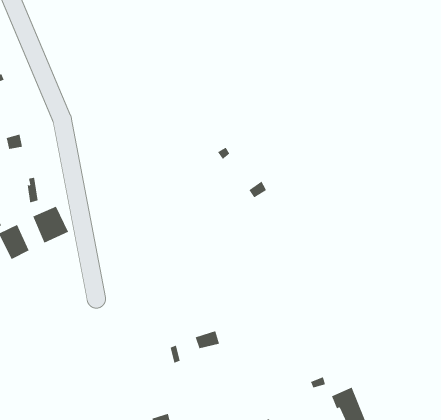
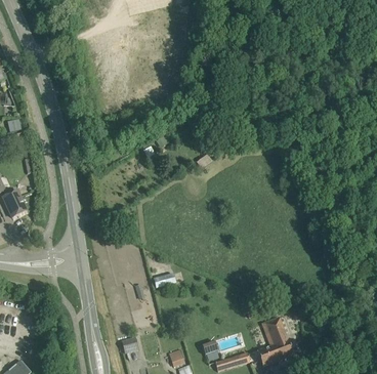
building: [33,206,69,244] -> none

